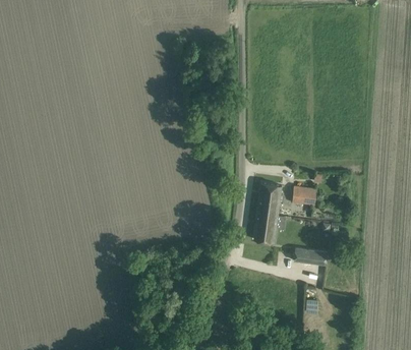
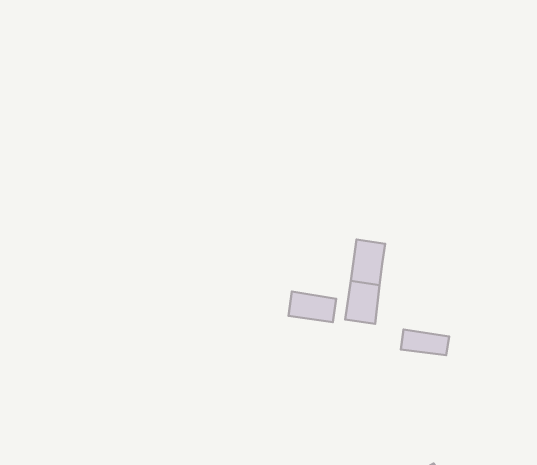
building: [292,186,317,206] -> none
building: none -> [288,291,336,322]

